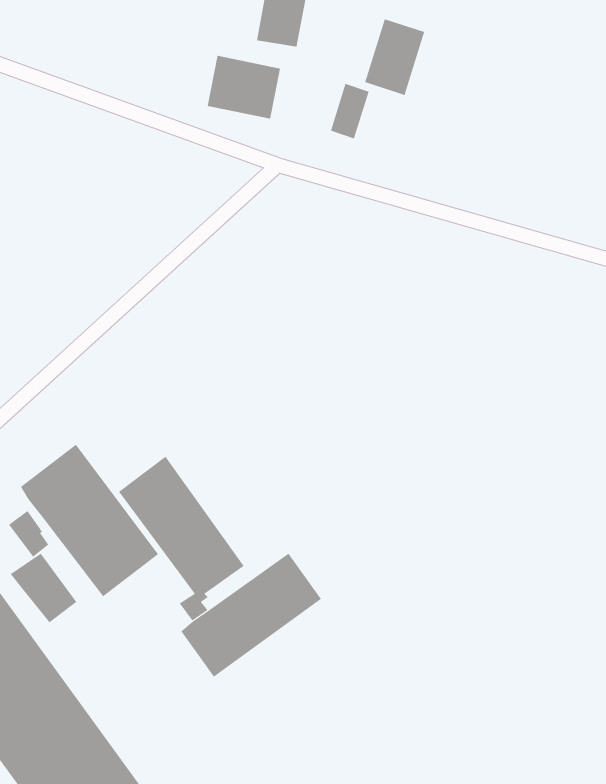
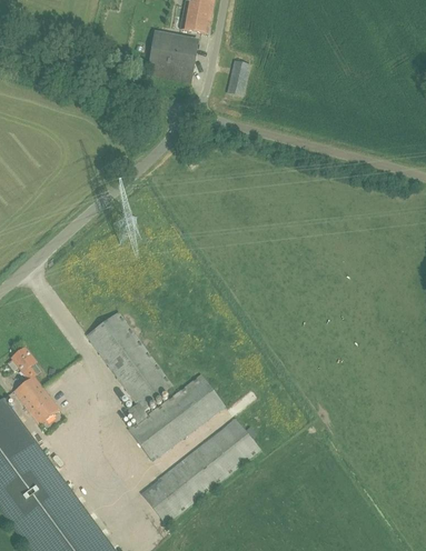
building: [364,18,425,96] -> none
building: [20,444,159,597] -> none
building: none -> [140,418,260,524]

